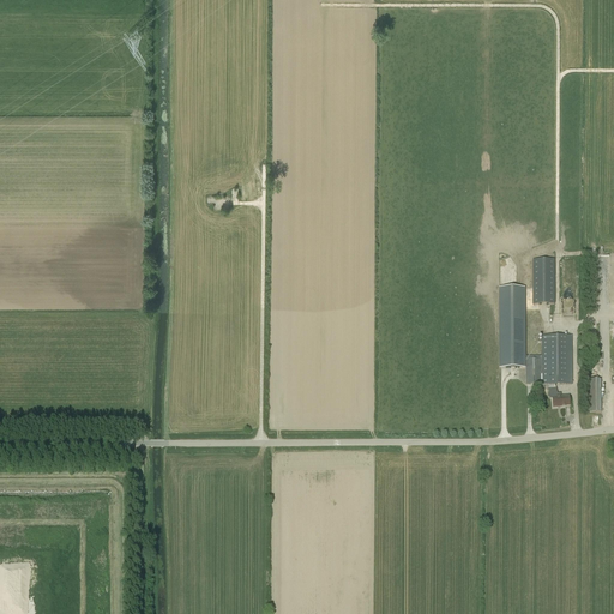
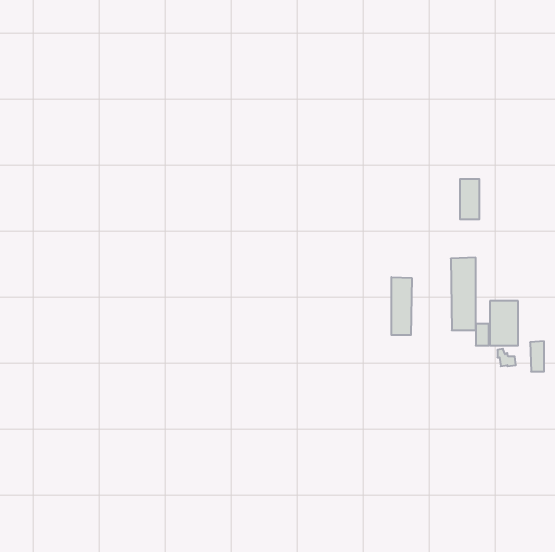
building: [532,257,554,301] -> [460,179,479,219]
building: none -> [391,277,412,335]

